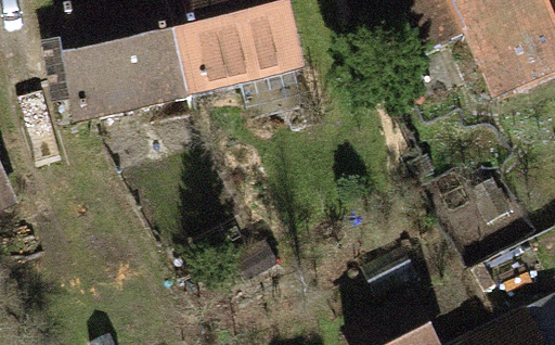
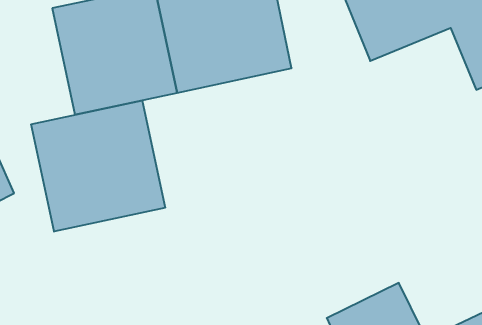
building: none -> [31,100,165,232]

